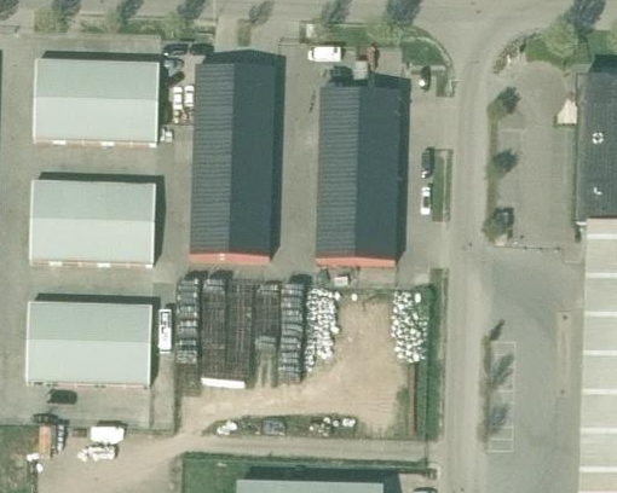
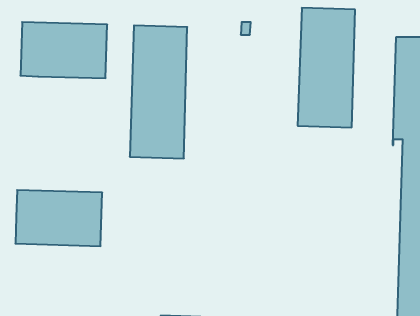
building: [317,87,400,260] -> [298,8,355,127]
building: [29,180,155,262] -> none

